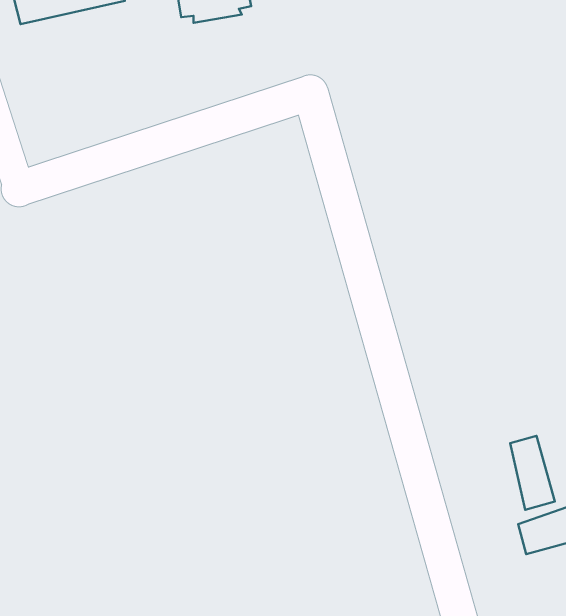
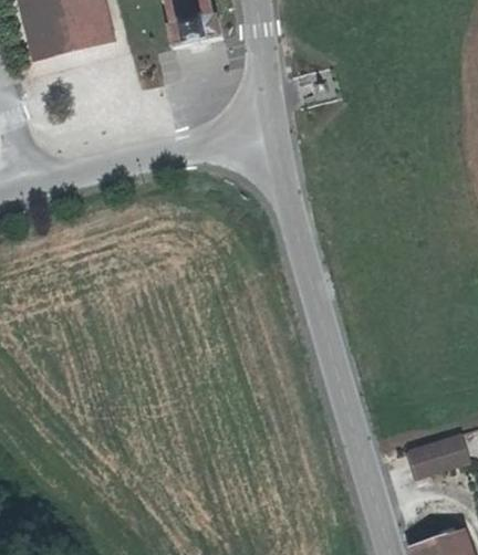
building: [510,436,555,510] -> none

